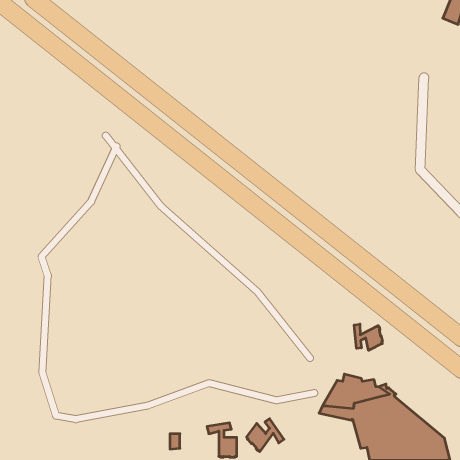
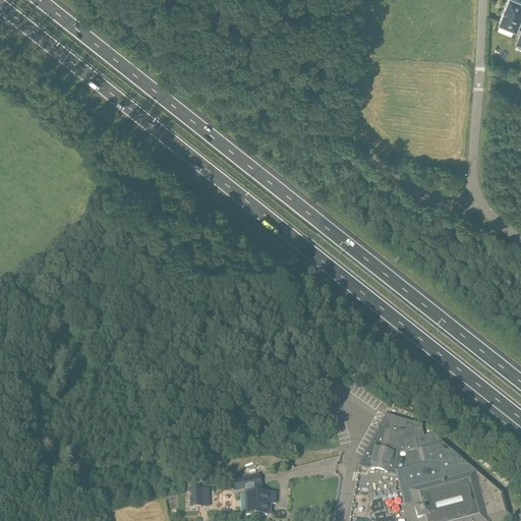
building: [354,324,382,350] -> none
building: [247,419,284,452] -> none

